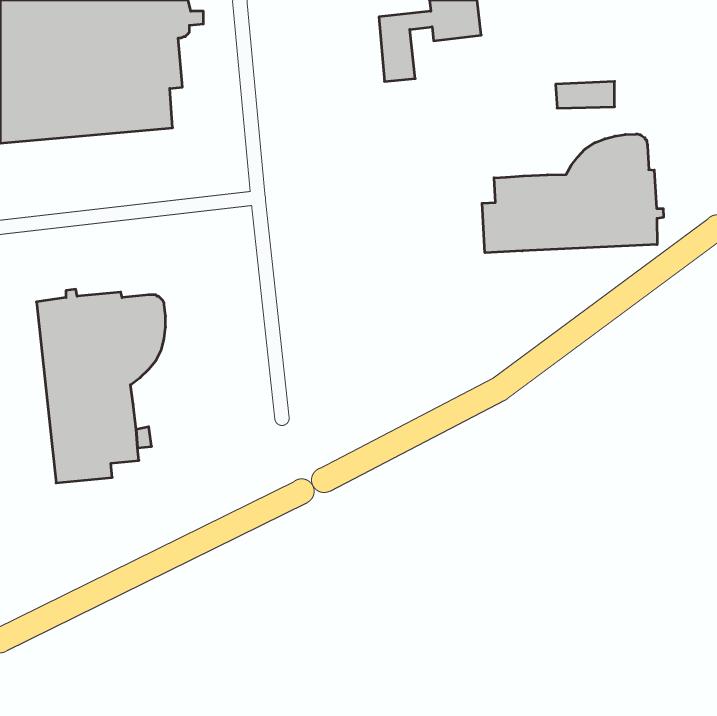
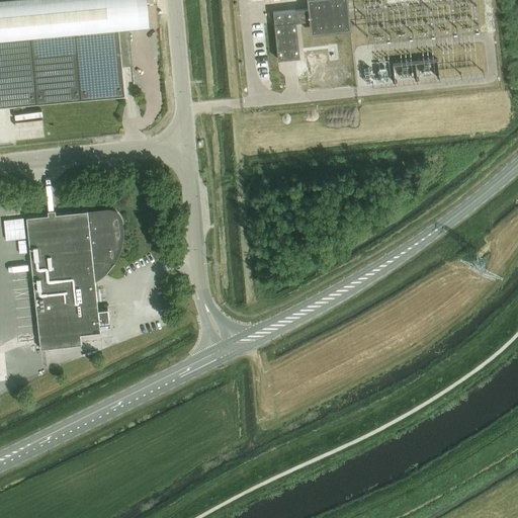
building: [482,134,663,253] -> none

